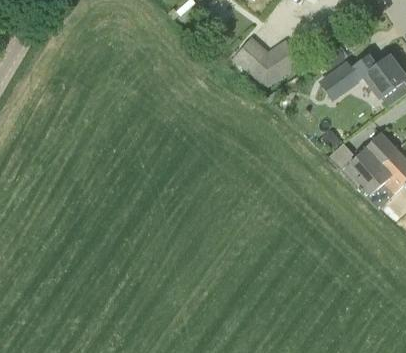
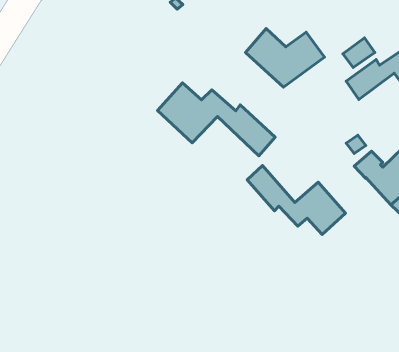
building: none -> [158,83,275,156]
building: none -> [247,165,346,235]

